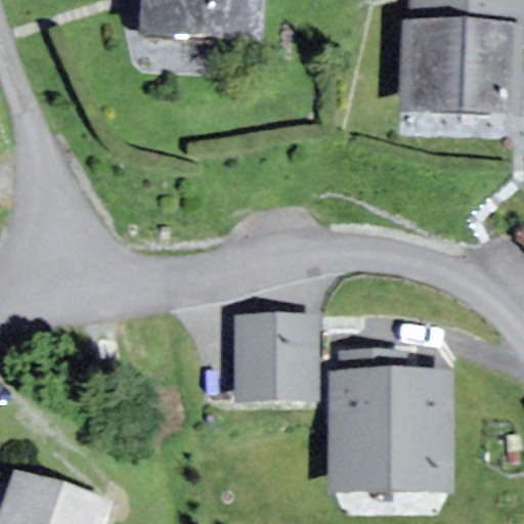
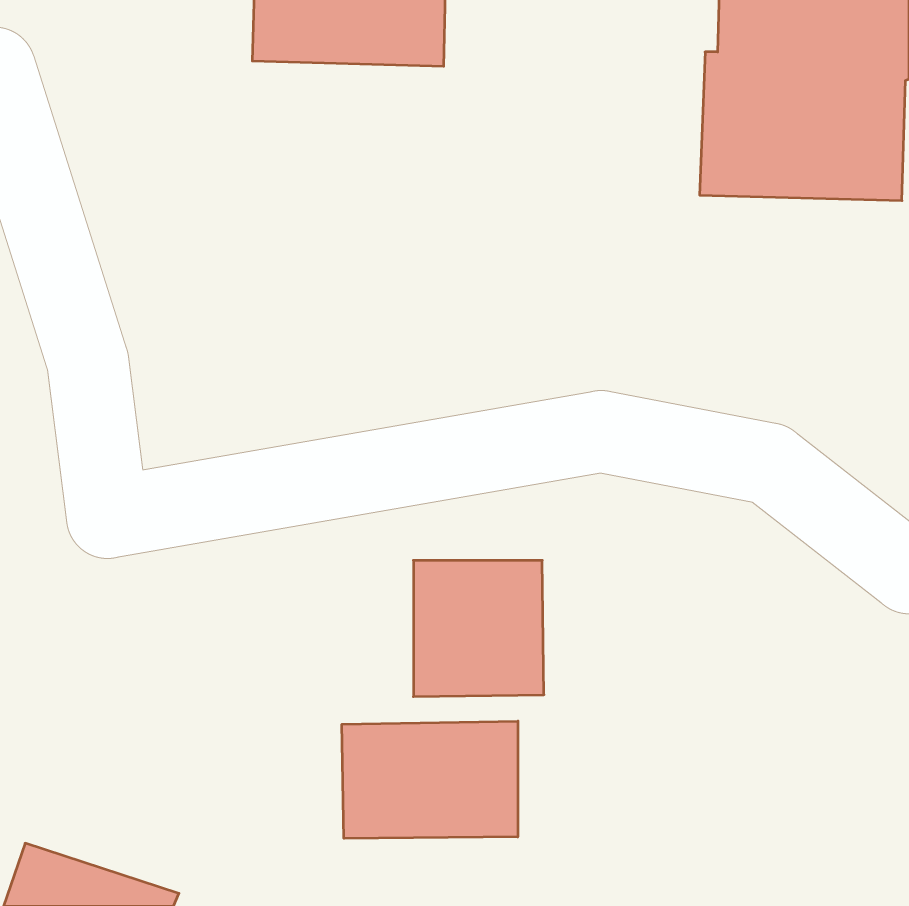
building: [332,379,446,490] -> none
building: none -> [342,721,518,838]

